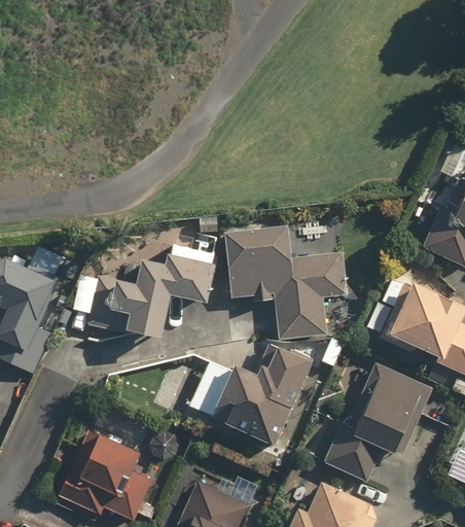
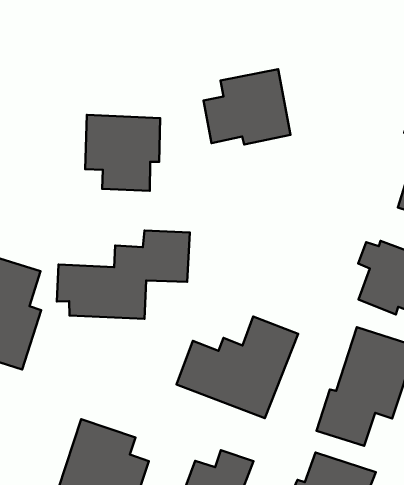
building: none -> [203,69,291,144]
building: none -> [85,115,160,191]
building: [223,224,346,338] -> none

